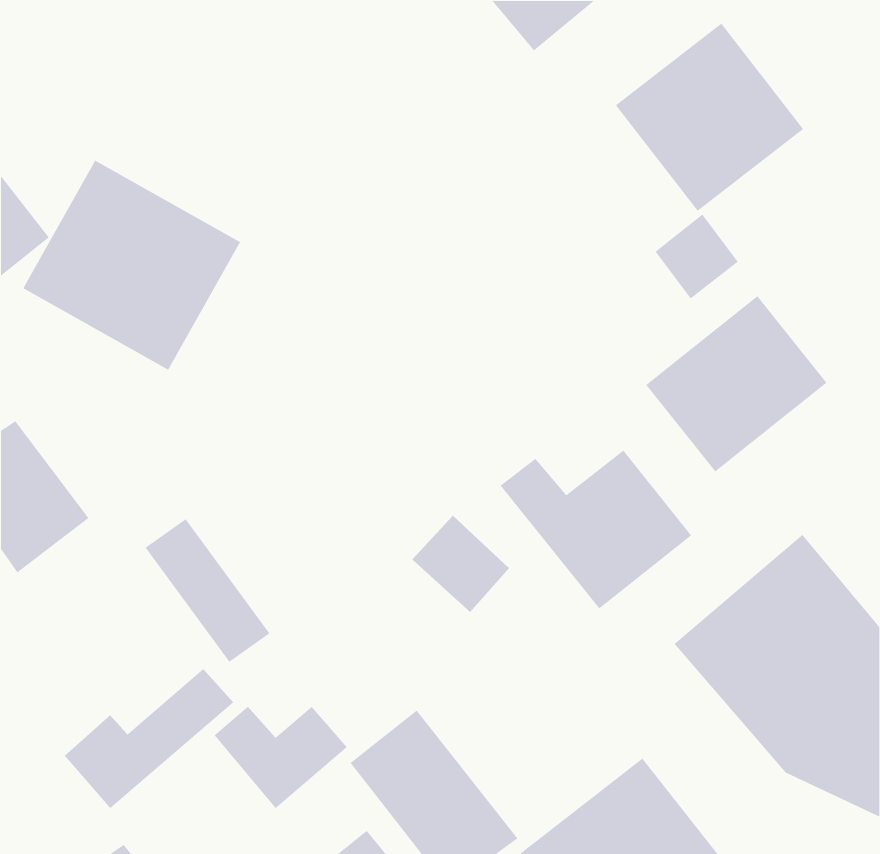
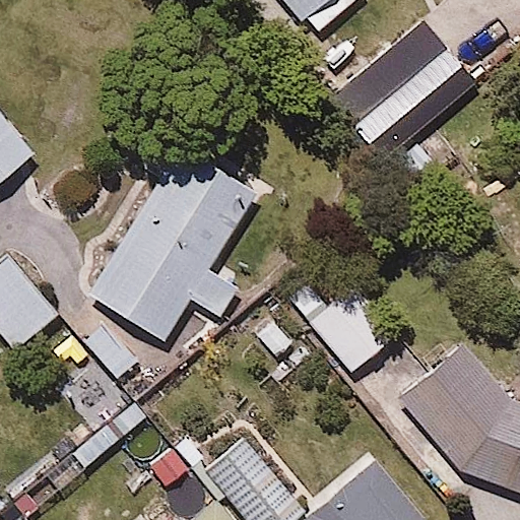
building: [22,160,241,371] -> none
building: none -> [87,155,248,343]
building: [645,295,827,472] -> none

